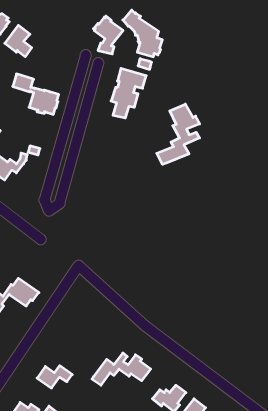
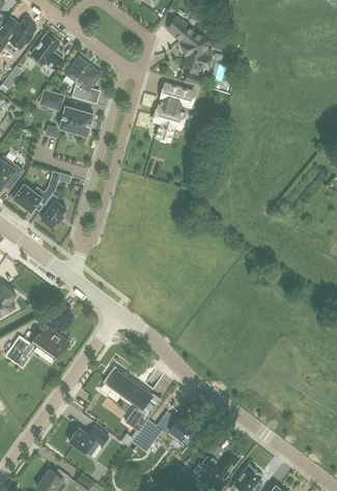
building: [93,16,123,54] -> [65,57,100,101]
building: [157,104,200,164] -> none
building: none -> [40,193,65,227]
building: none -> [101,365,161,445]

